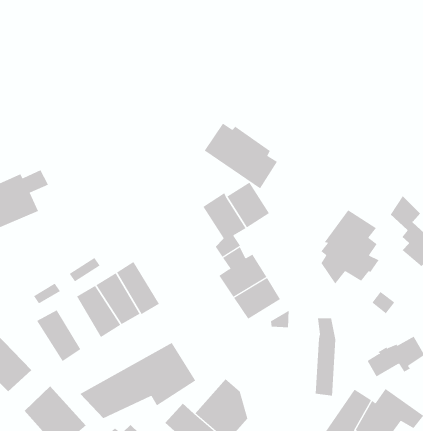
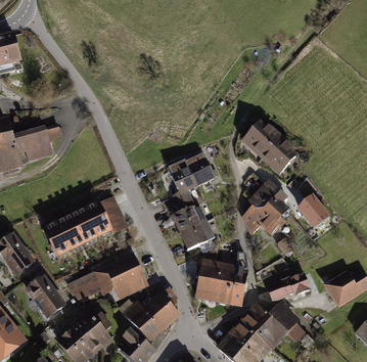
building: [204,123,278,189] -> [244,122,294,171]
building: none -> [58,216,86,253]
building: none -> [194,260,236,304]

